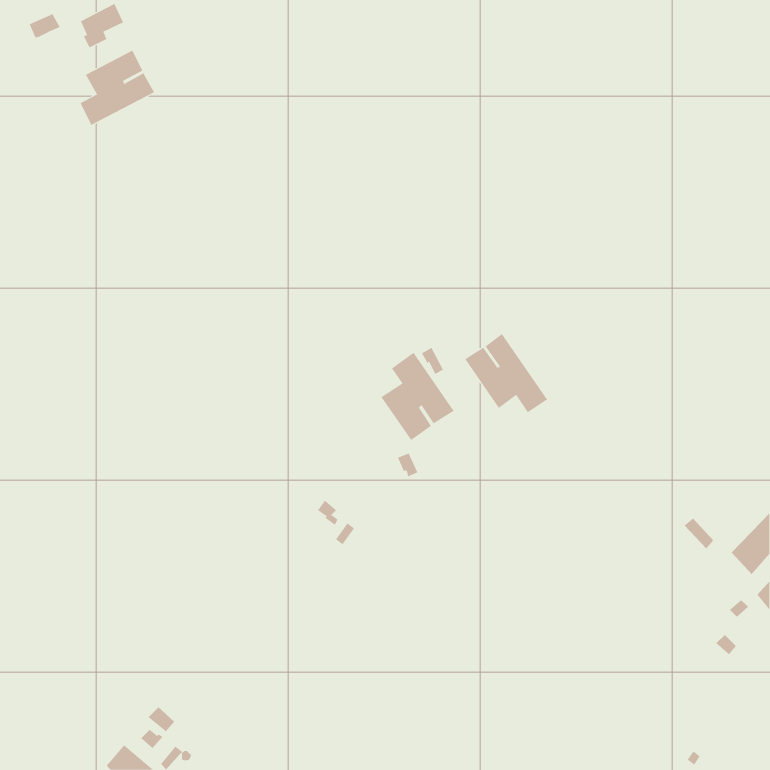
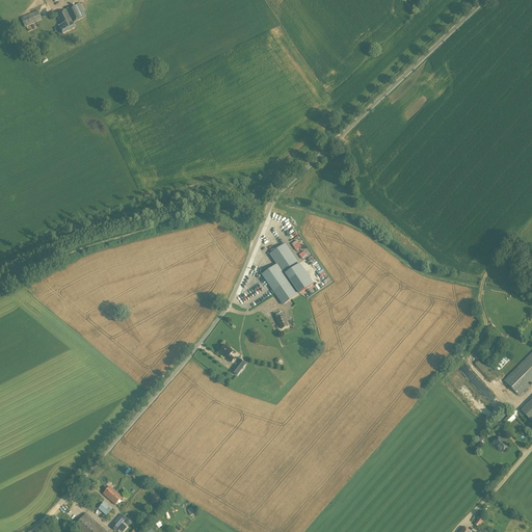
building: [80,50,155,126] -> none
building: [465,333,548,413] -> none

